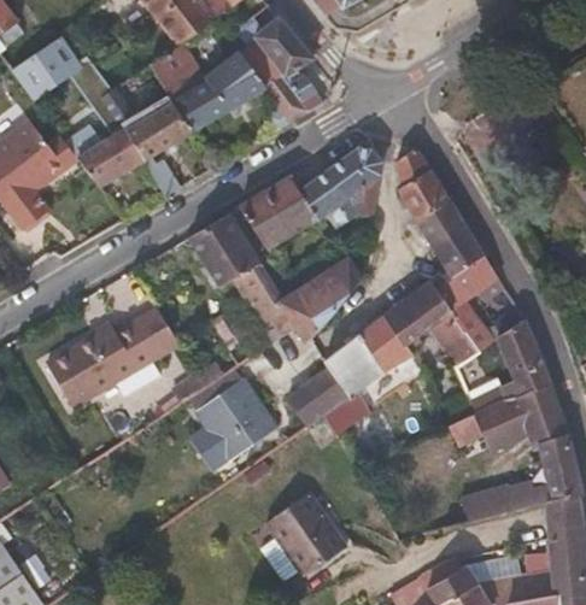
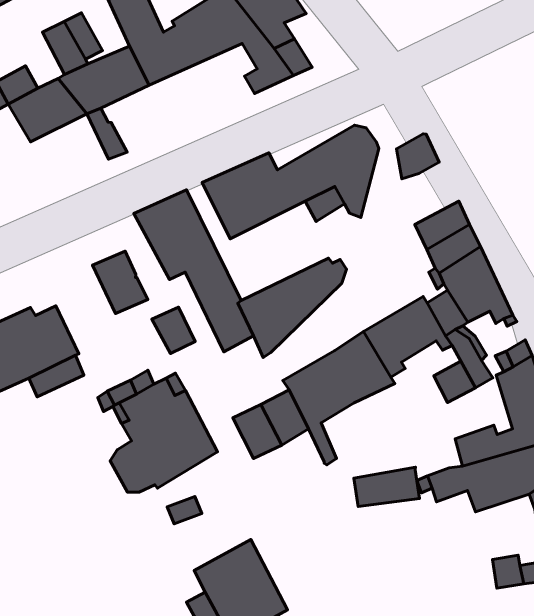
building: [399,169,451,222] -> none
building: [131,305,180,357] -> [92,251,148,314]
building: [461,486,516,523] -> [354,467,419,507]

